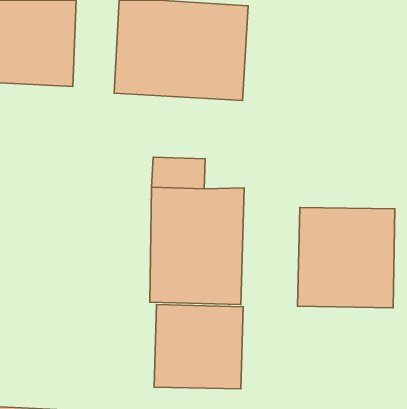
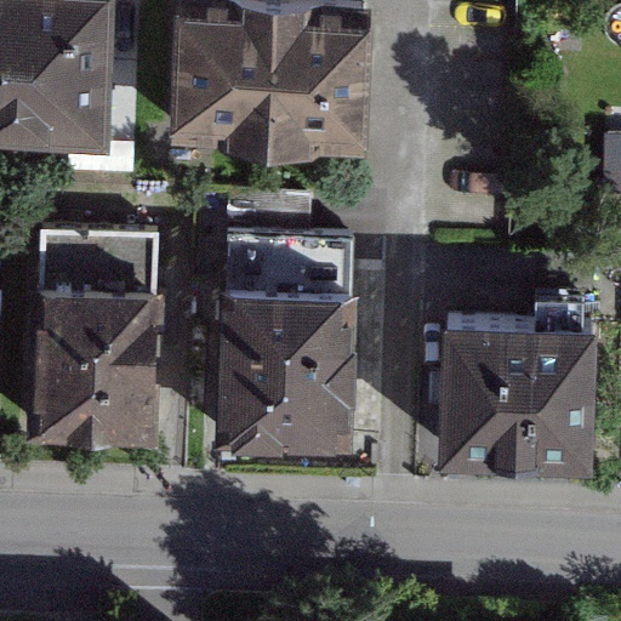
building: none -> [22,238,142,444]
building: [154,305,243,389] -> none

